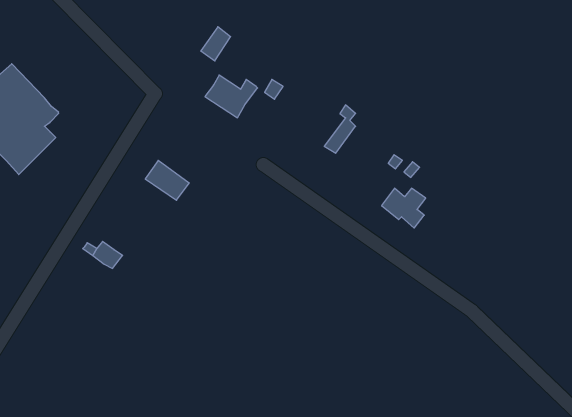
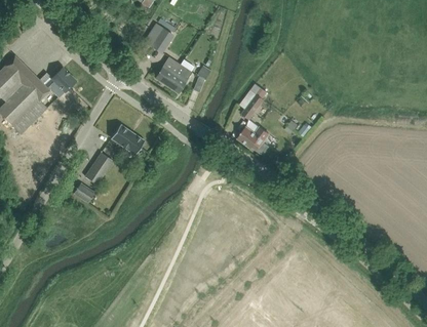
building: none -> [43,68,75,97]
building: [382,188,426,228] -> [237,126,269,155]
building: none -> [84,152,112,185]

